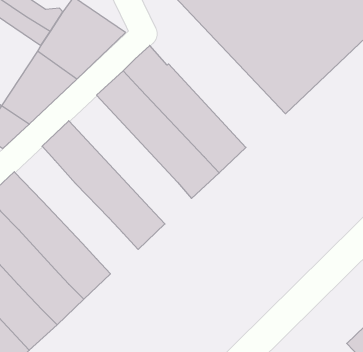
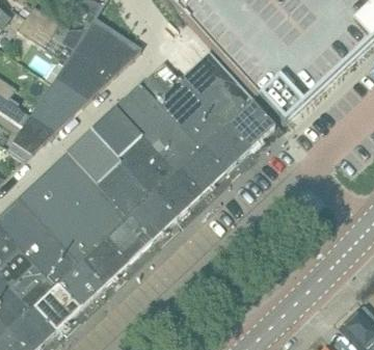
building: none -> [180,50,273,152]
building: none -> [90,105,201,220]
building: none -> [42,151,153,265]

